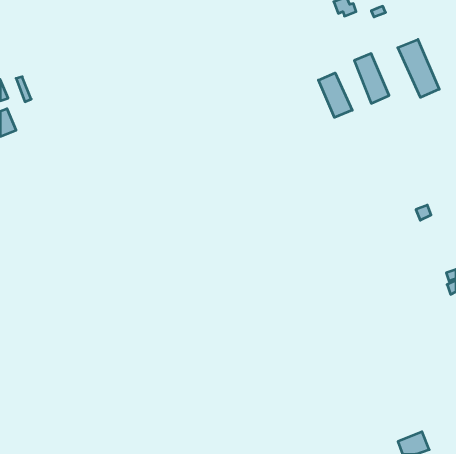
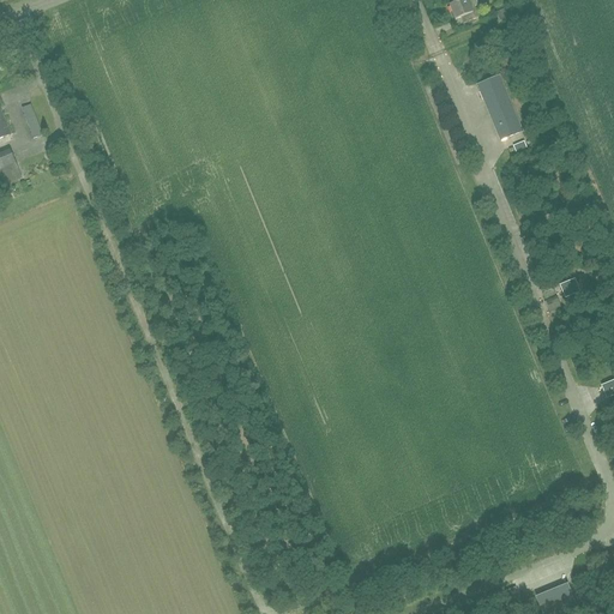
building: [398,39,439,97] -> none
building: [318,73,352,117] -> none

